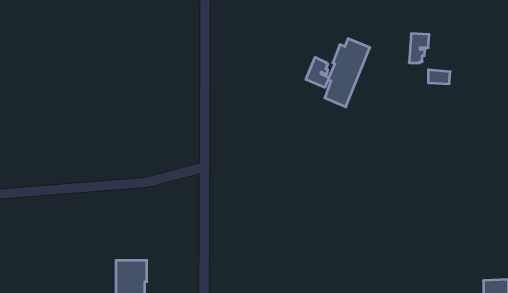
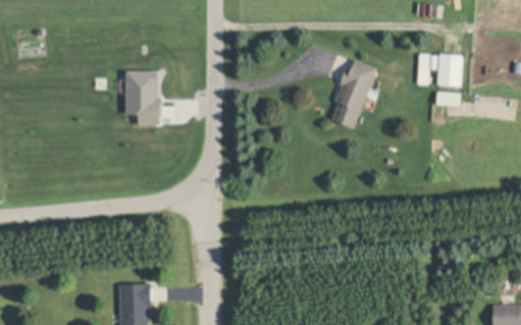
building: none -> [435,53,461,86]
building: none -> [126,72,162,126]
building: [306,57,329,87] -> none

